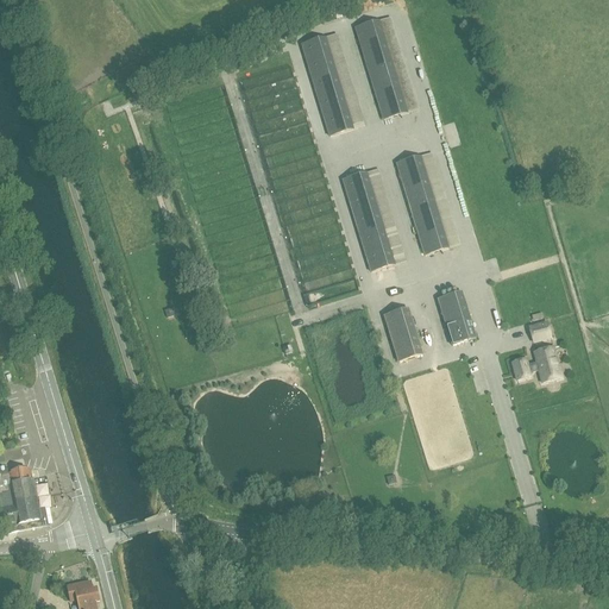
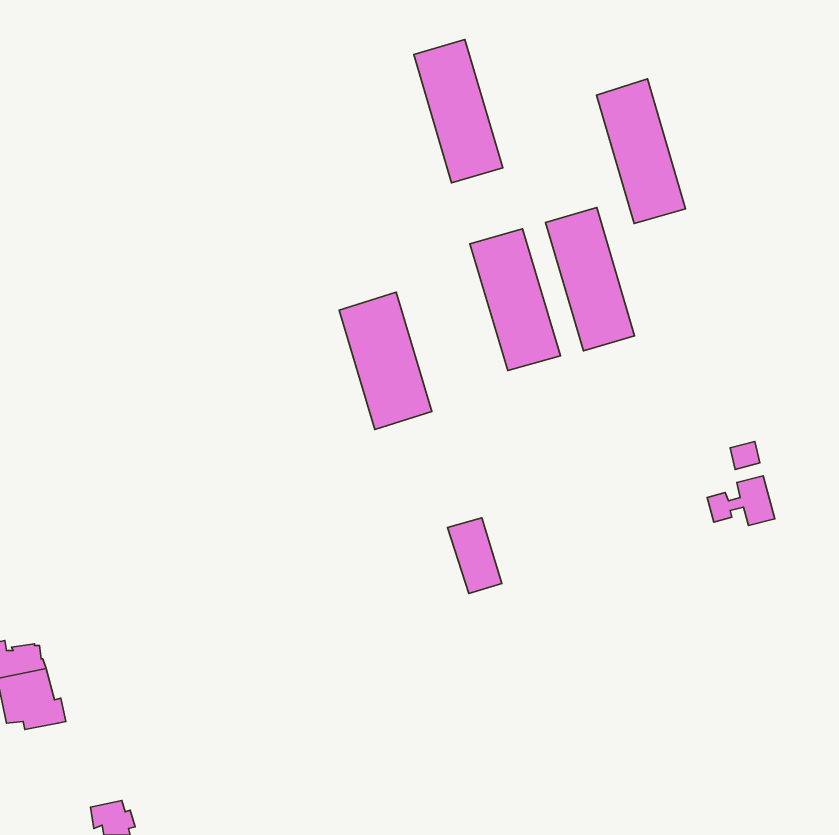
building: [353,12,417,117] -> [596,79,685,224]
building: none -> [339,292,432,429]
building: [433,289,473,344] -> none
building: [381,306,420,360] -> [447,518,502,593]

